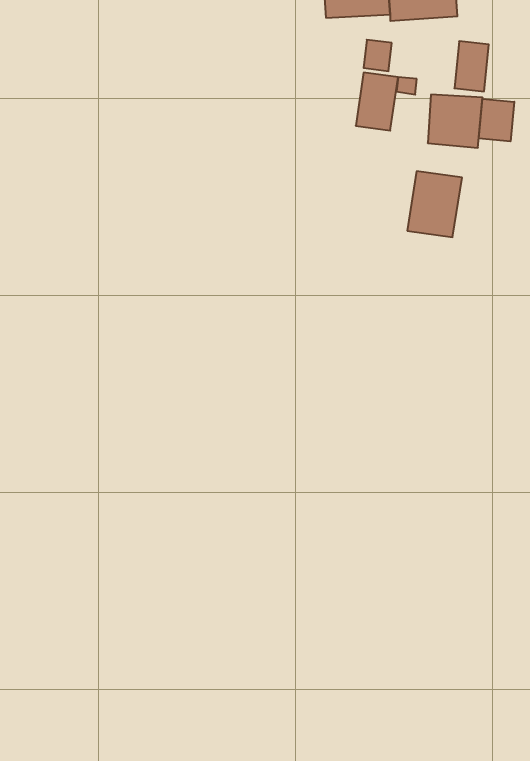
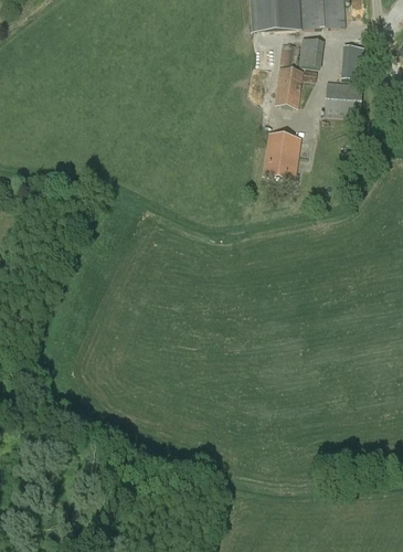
building: none -> [297,38,322,67]
building: [479,99,514,141] -> none
building: [407,171,462,237] -> [262,132,300,179]

